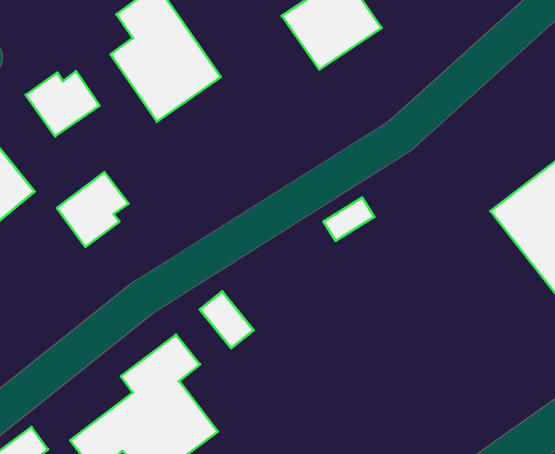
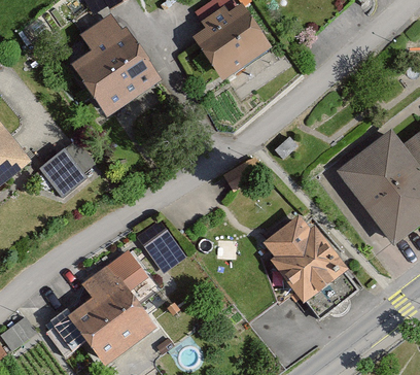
building: [26,71,99,136] -> none
building: none -> [266,217,355,315]

